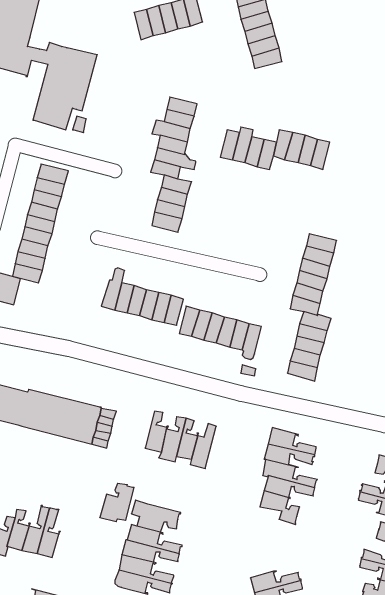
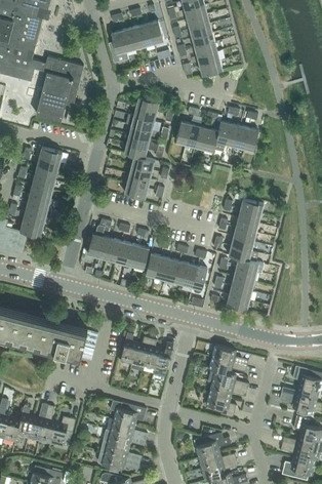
building: [100,483,134,522] -> [49,417,75,446]
building: none -> [193,433,230,458]

